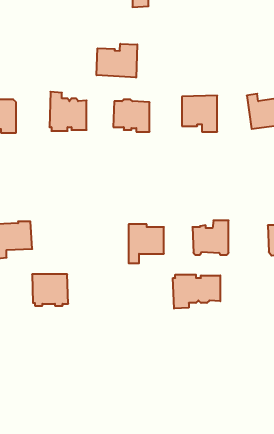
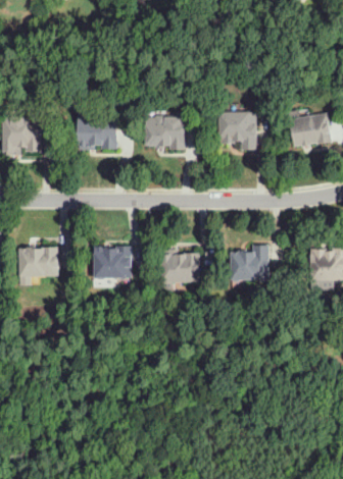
building: [97,44,137,78] -> none
building: [32,274,68,306] -> [93,247,132,280]
building: [173,275,220,309] -> none

